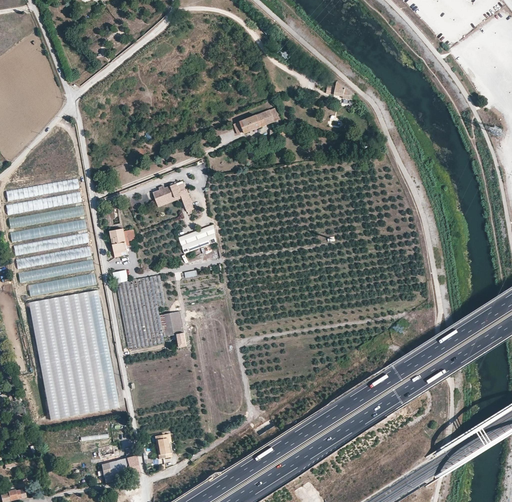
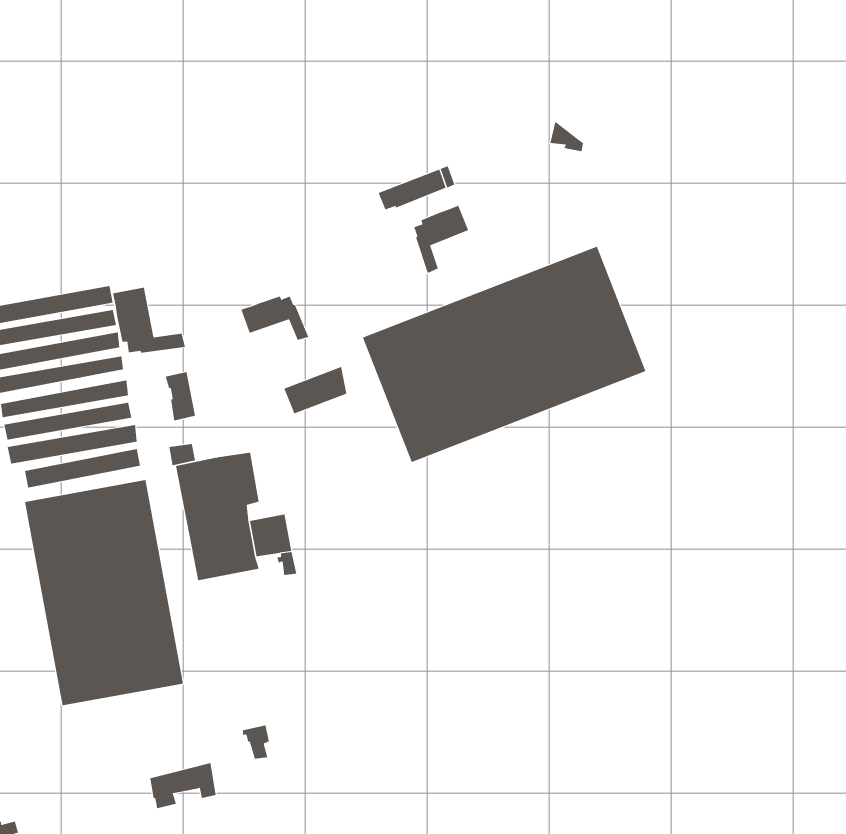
building: none -> [413,205,469,274]
building: none -> [362,246,646,463]
building: none -> [113,287,186,353]

